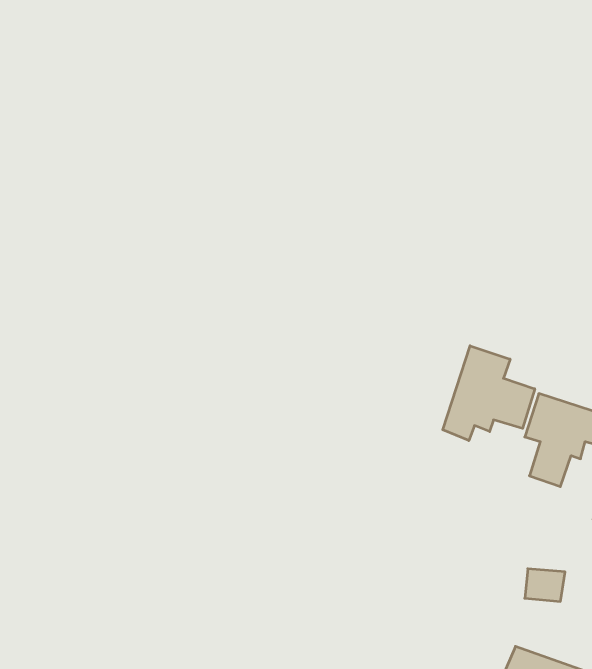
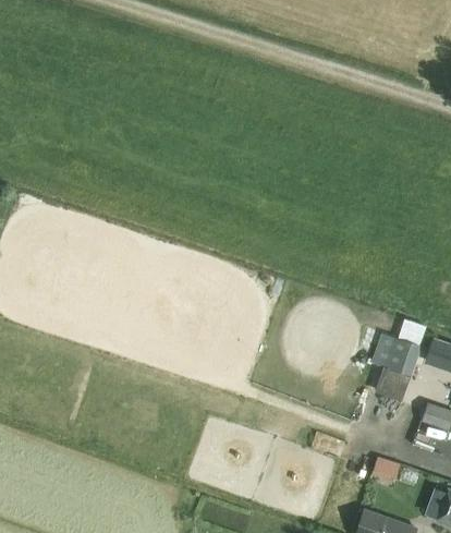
building: [443,346,535,441] -> none

